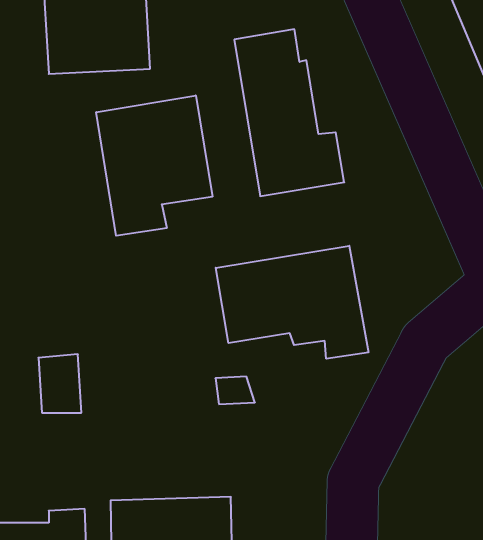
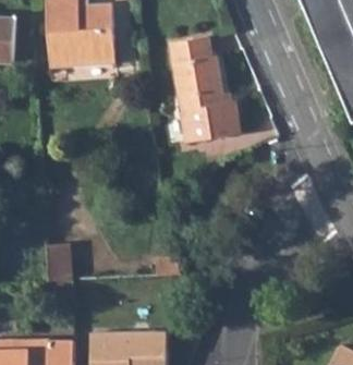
building: [96,95,212,236] -> none
building: [216,246,368,359] -> none

